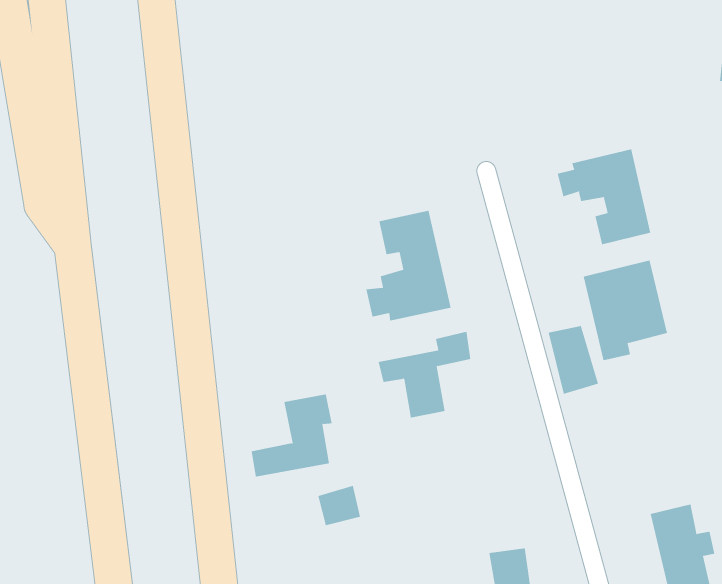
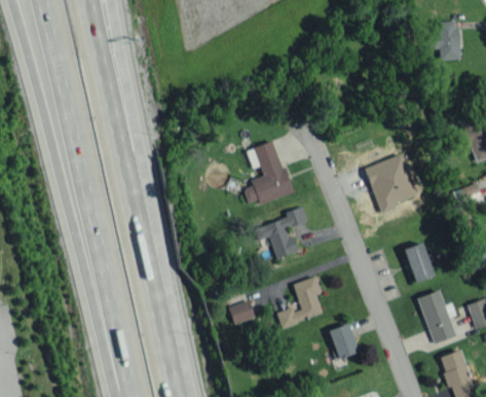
building: [557,148,651,245] -> none
building: [548,325,599,395] -> [403,243,435,283]
building: [251,394,332,477] -> [277,276,323,327]

